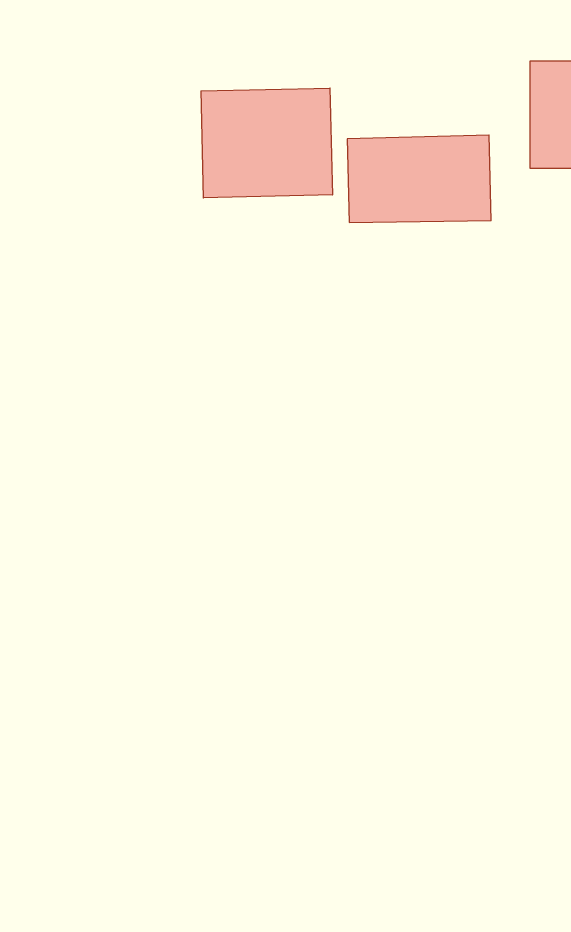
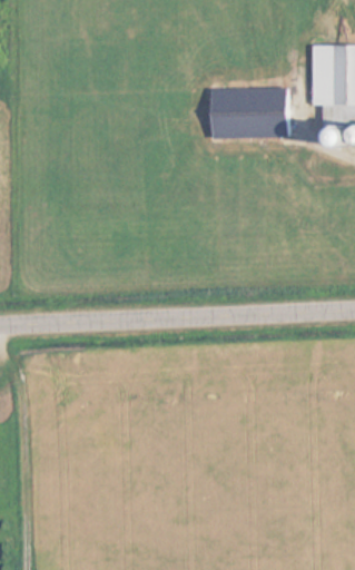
building: [201,88,332,198] -> none

